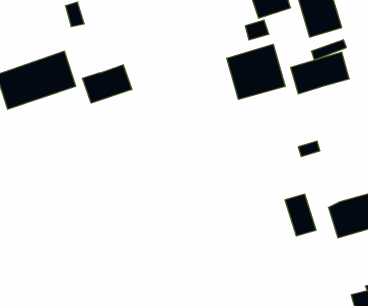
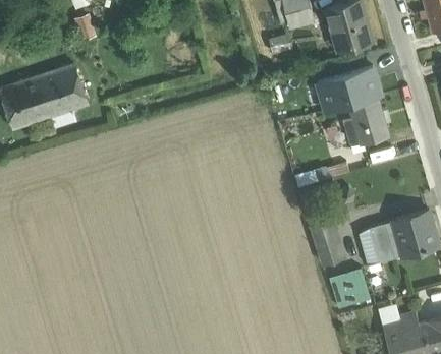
building: [227,44,285,99] -> none
building: [83,65,132,103] -> none
building: none -> [345,98,388,148]
building: none -> [327,269,370,309]

